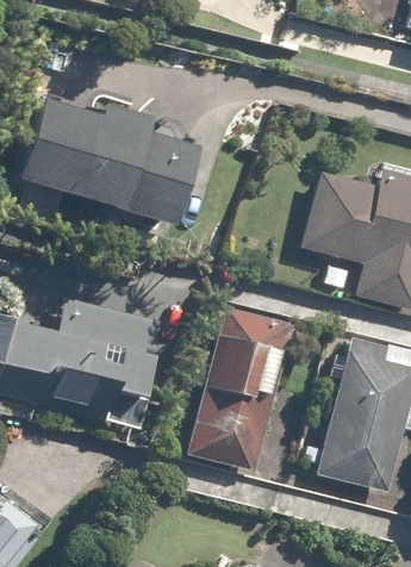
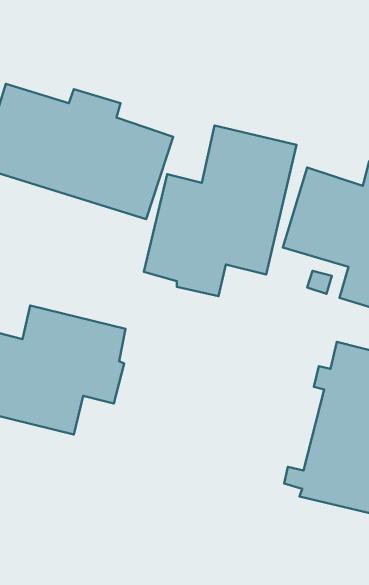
building: none -> [144,126,297,296]
building: [192,307,293,469] -> none

